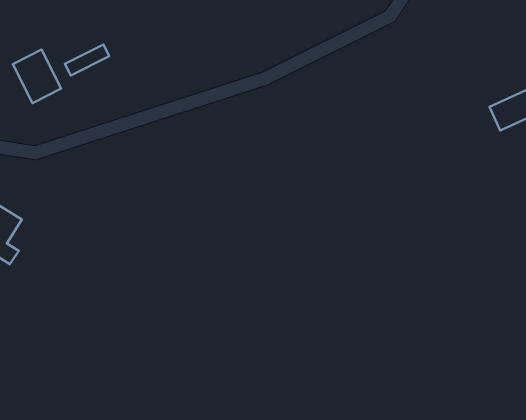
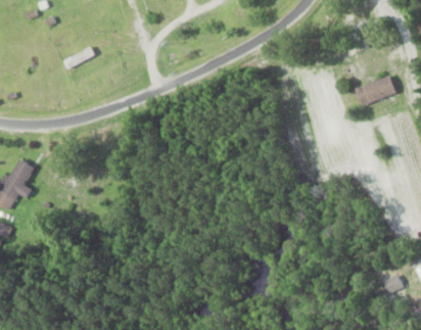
building: [13,49,61,103] -> none

